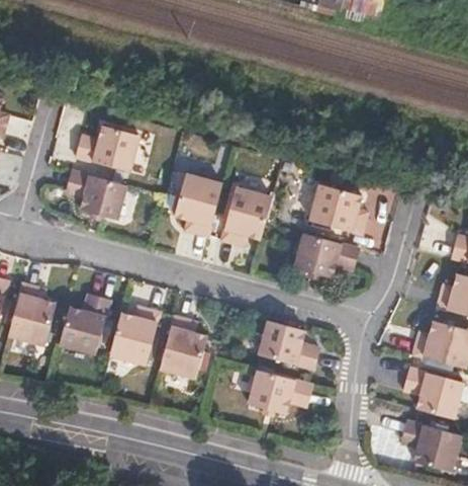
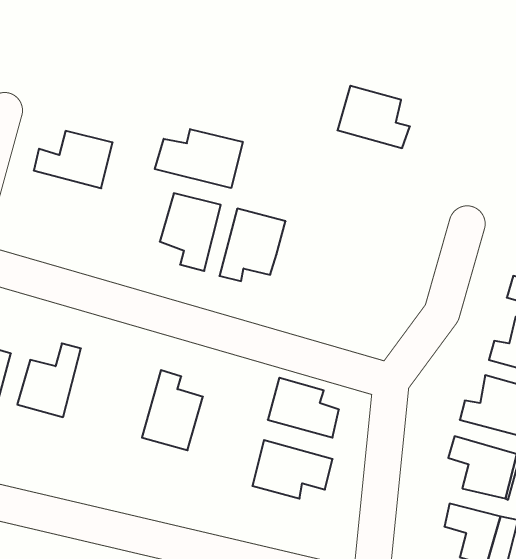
building: none -> [155,129,243,188]
building: [65,169,123,218] -> none
building: [309,187,367,237] -> [337,86,410,148]
building: [295,234,358,278] -> none
building: [110,307,160,364] -> none

